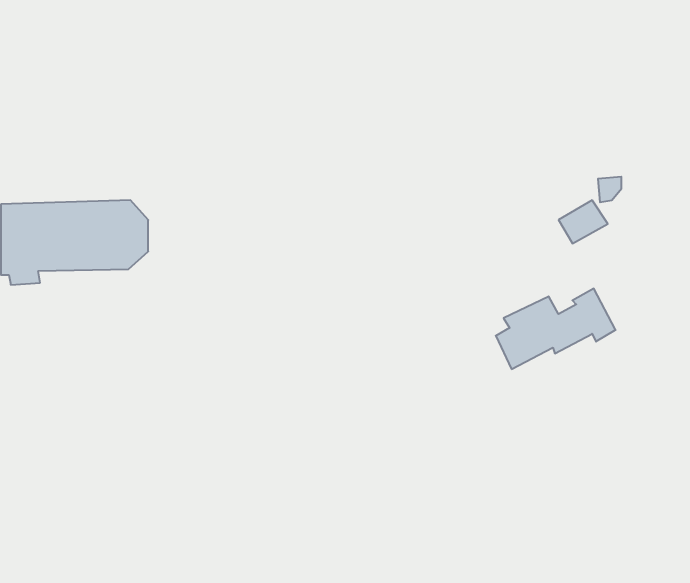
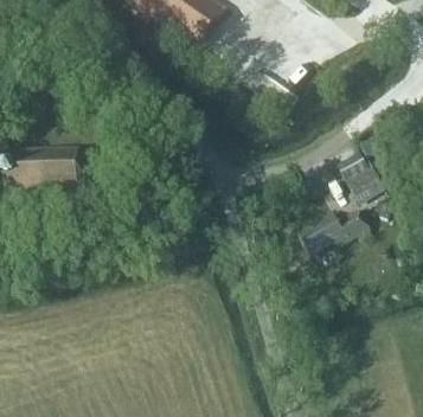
building: none -> [347,162,385,200]

